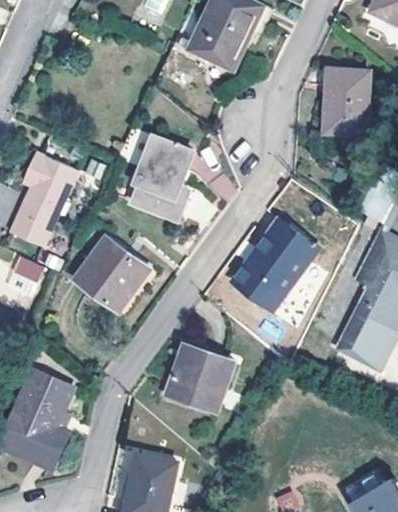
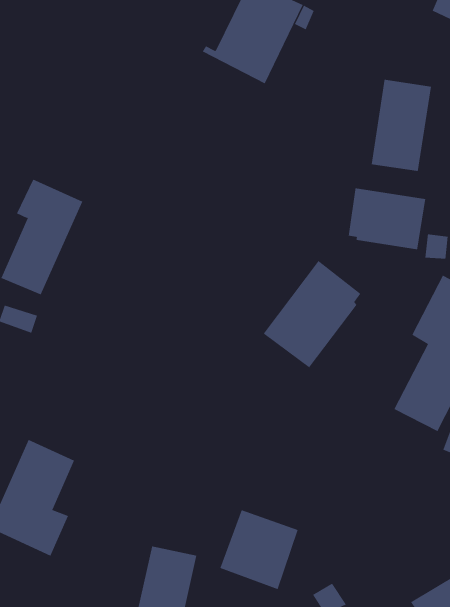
building: [131,136,191,220] -> none
building: none -> [348,188,426,250]
building: [73,237,146,309] -> none
building: [161,344,227,411] -> [219,509,299,590]

